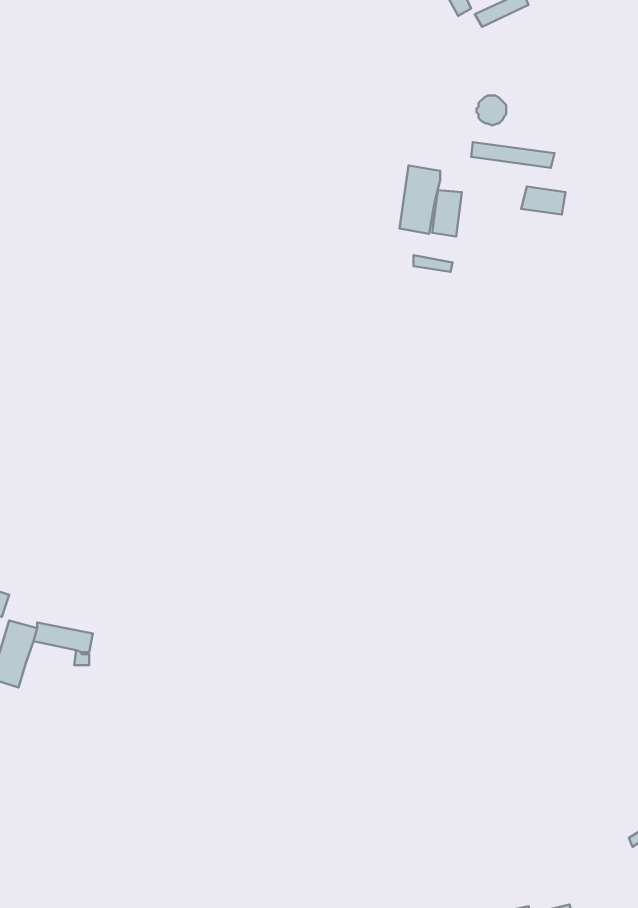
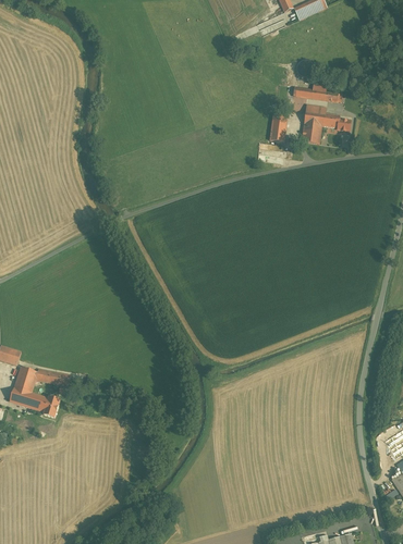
building: [399,165,440,234] -> [302,104,326,145]
building: none -> [27,393,60,418]

